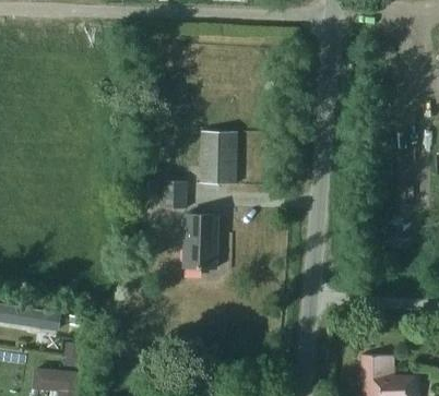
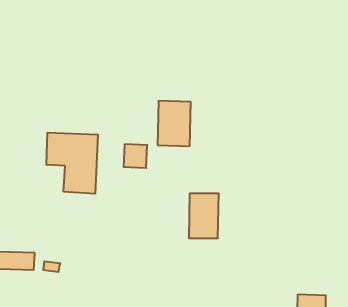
building: none -> [47,133,98,194]
building: [185,216,220,267] -> [189,194,219,238]

